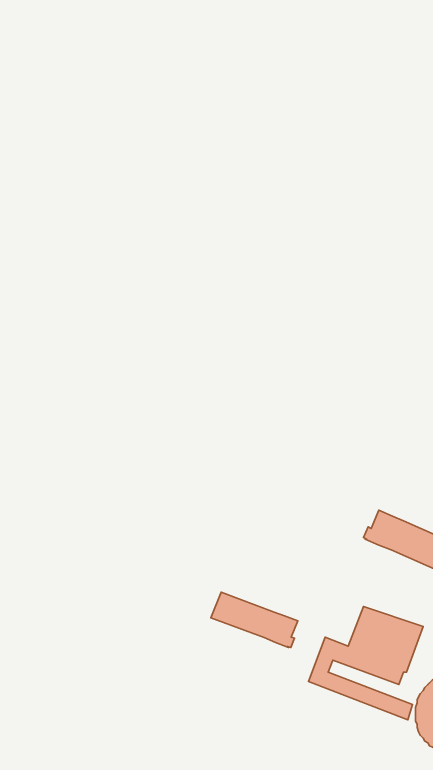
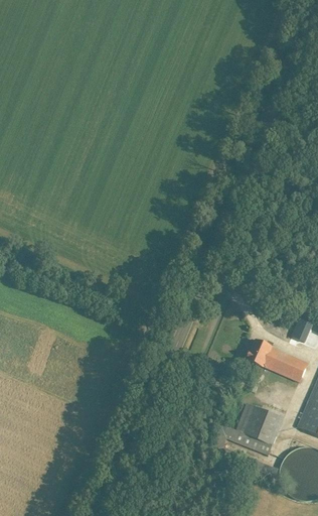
building: [211,592,298,647] -> none

